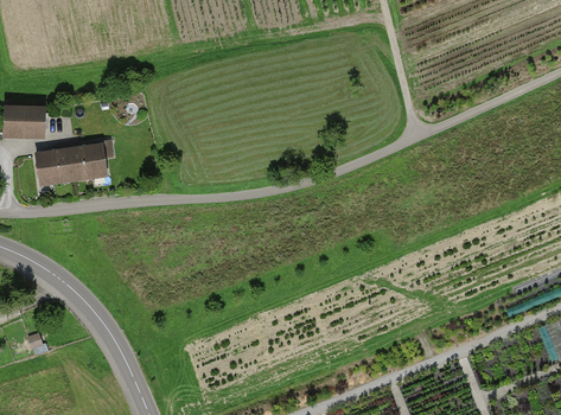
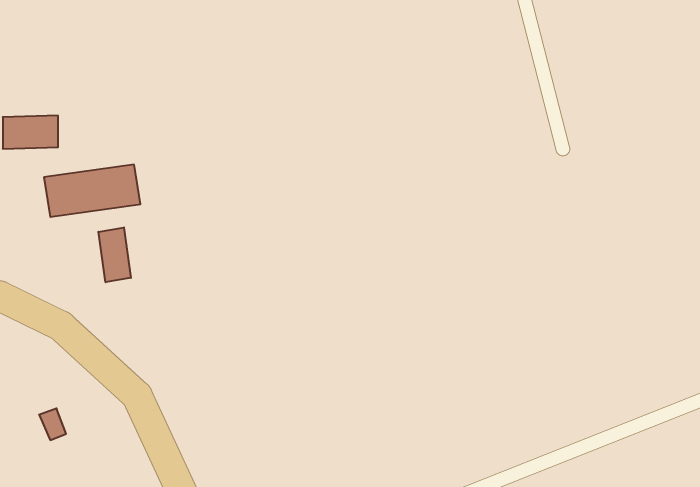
building: none -> [98,227,131,282]

